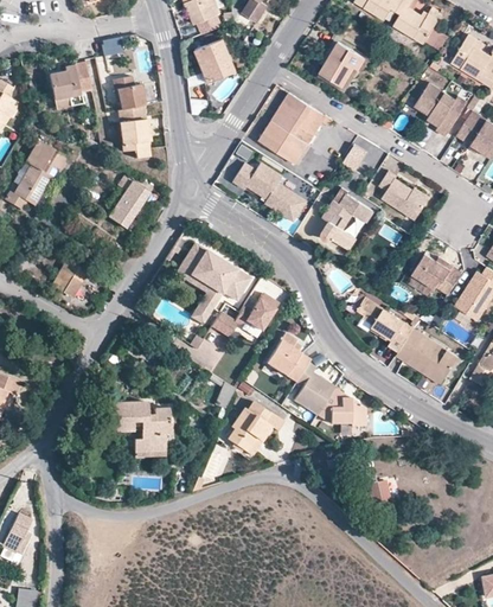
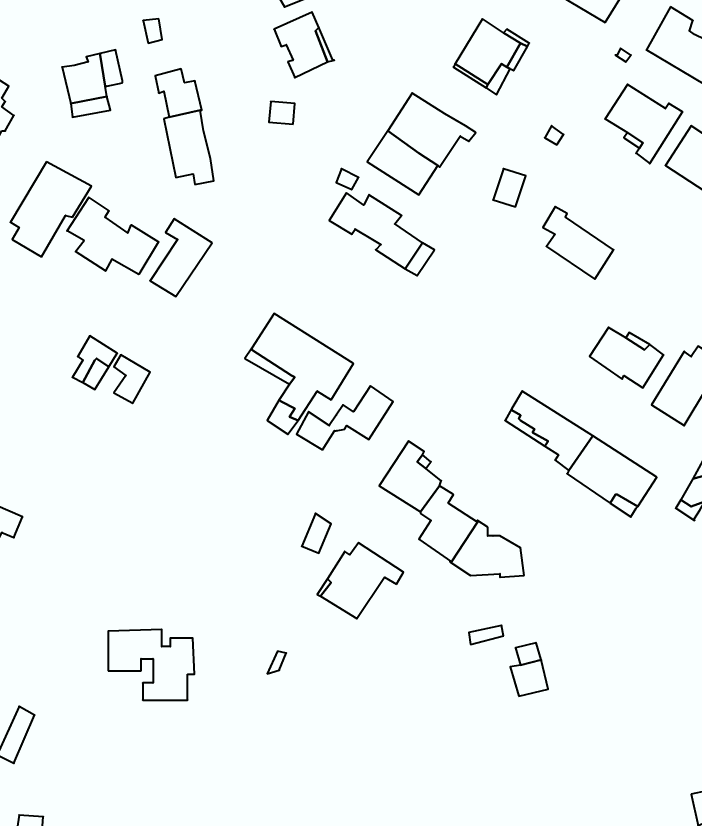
building: none -> [67,197,159,274]
building: [313,189,373,250] -> none
building: [110,402,169,451] -> [108,629,194,700]

